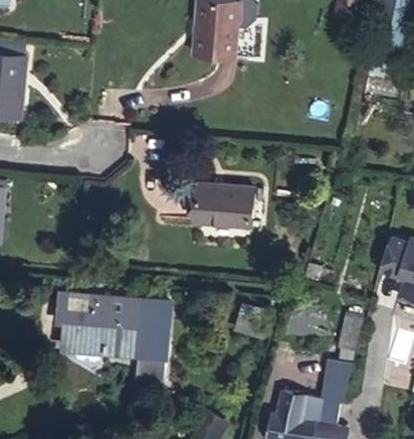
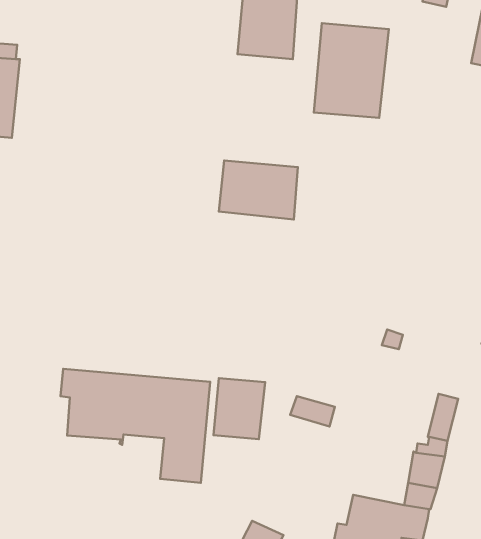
building: none -> [314,23,389,118]
building: [193,182,253,228] -> [219,160,298,219]
building: none -> [214,378,265,439]

